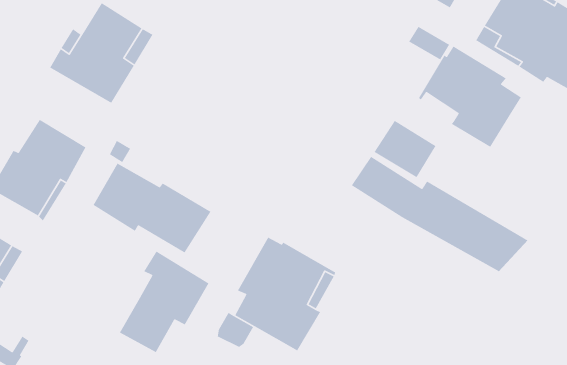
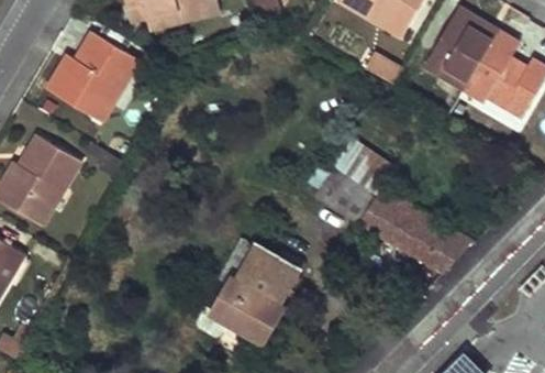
building: [418,46,522,148] -> none
building: [92,162,211,253] -> none
building: [119,251,209,353] -> none

